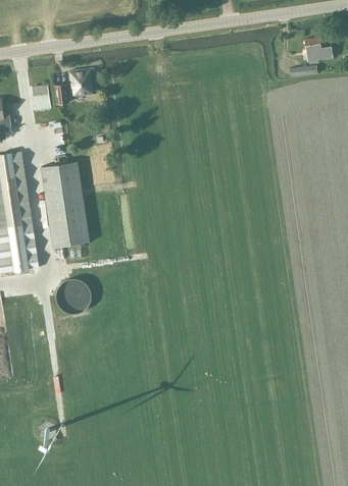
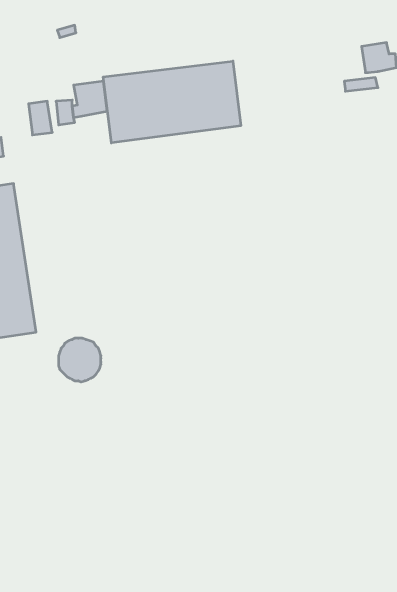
building: none -> [103,61,241,143]
building: [41,161,89,247] -> none

